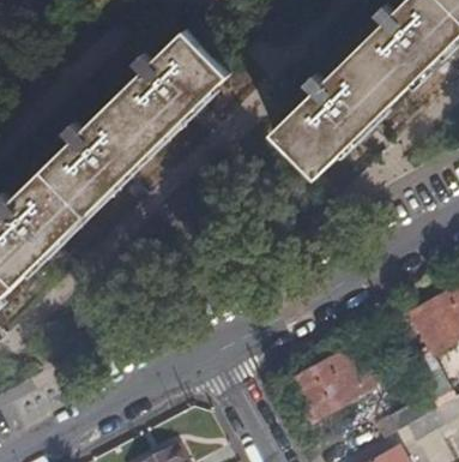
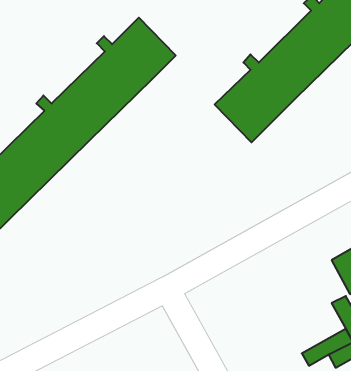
building: [288,347,373,422] -> none

